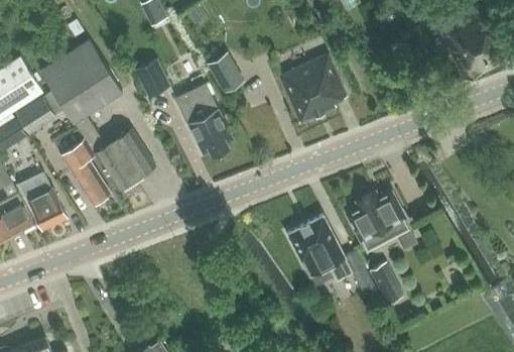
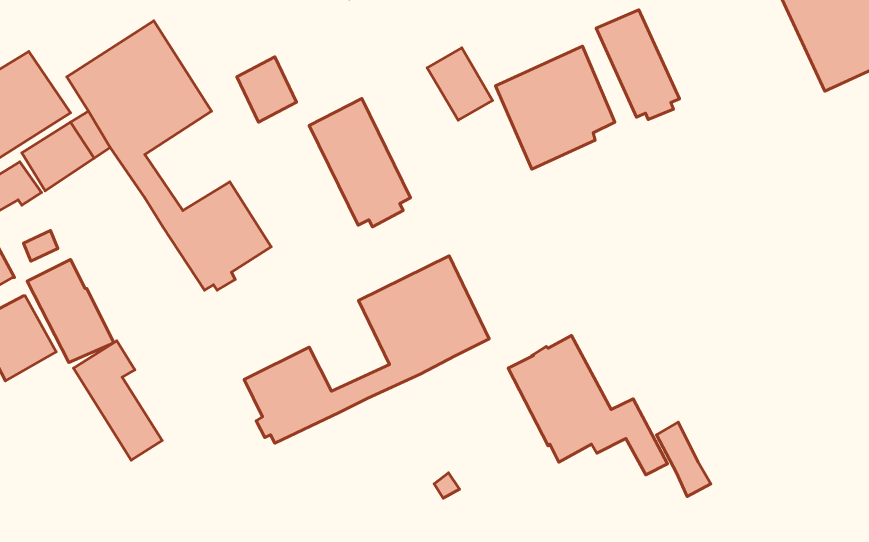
building: none -> [596,10,679,120]
building: [208,53,244,94] -> [427,48,492,120]
building: [60,139,110,206] -> [73,341,162,460]
building: none -> [244,256,489,443]
building: [348,193,410,247] -> none

